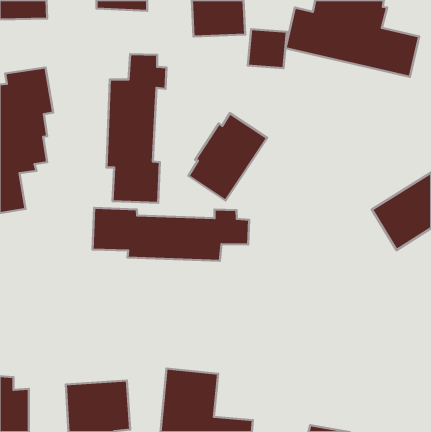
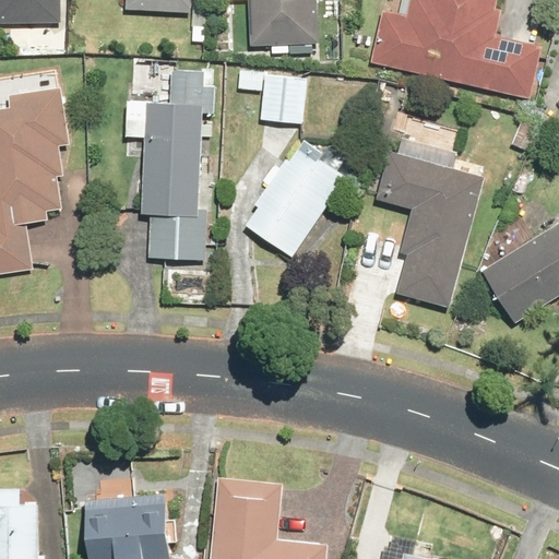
building: [248,29,287,68] -> [259,74,309,124]
building: none -> [373,136,484,309]
building: [93,208,249,261] -> none

